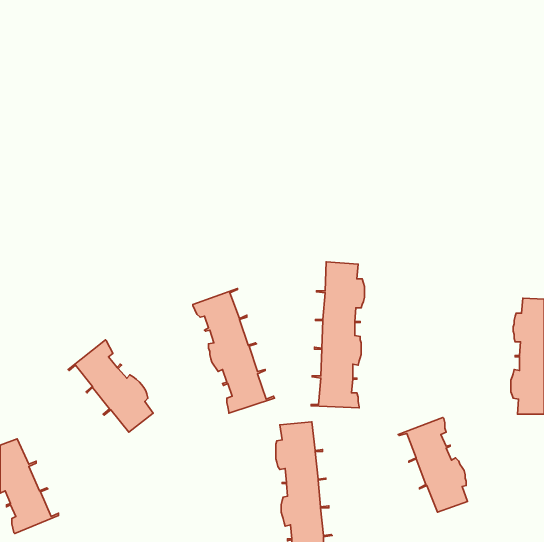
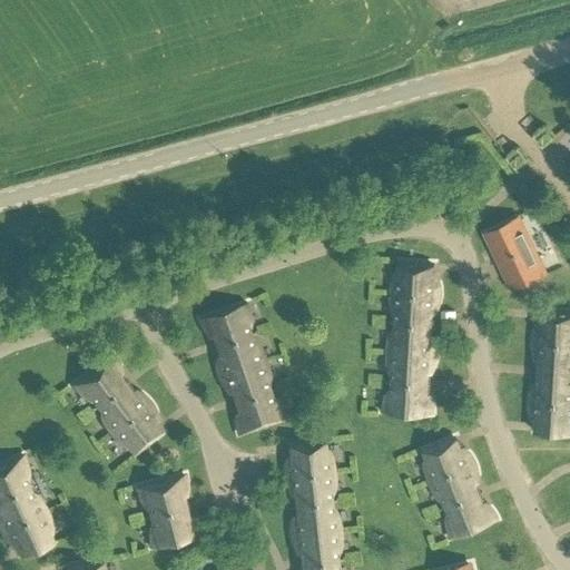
building: none -> [487,220,543,289]
building: [311,262,364,408] -> [382,265,438,417]
building: none -> [135,478,198,549]

